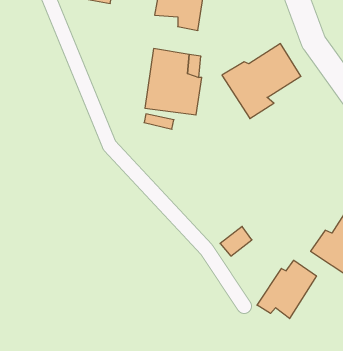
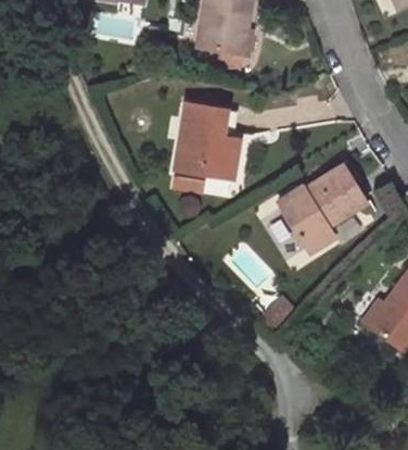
building: [222,44,301,119] -> [280,160,369,245]
building: [257,260,316,319] -> none

